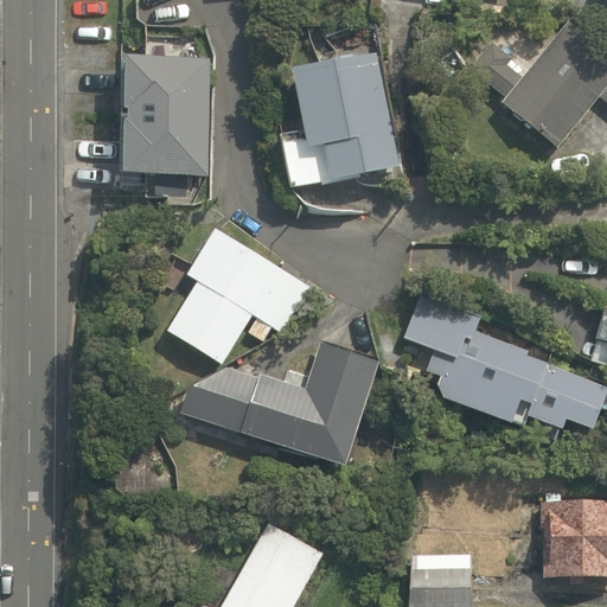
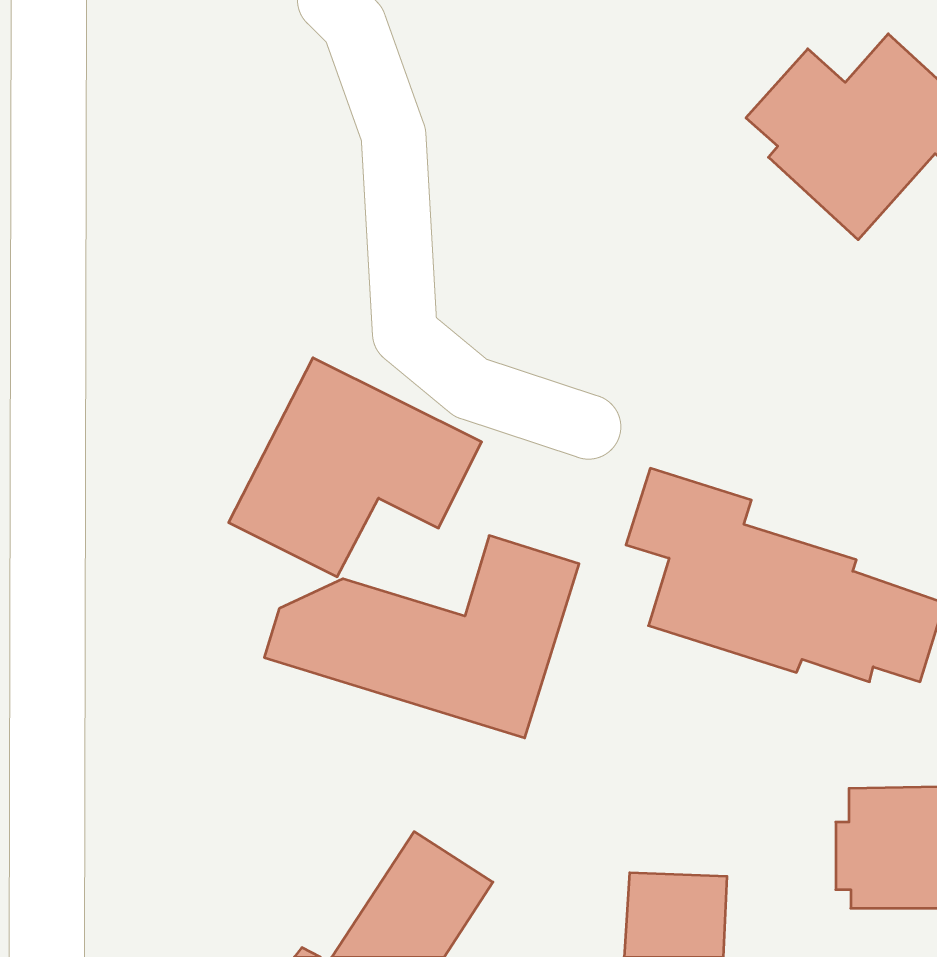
building: [115,53,212,178] -> none
building: [276,55,396,186] -> none

